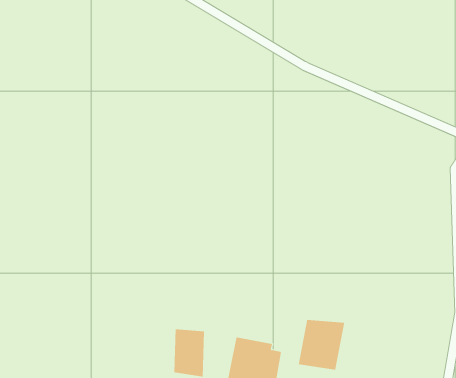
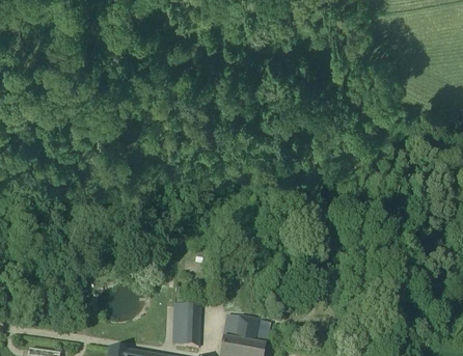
building: [298,319,345,370] -> none

